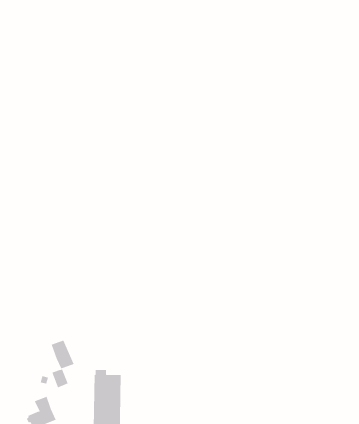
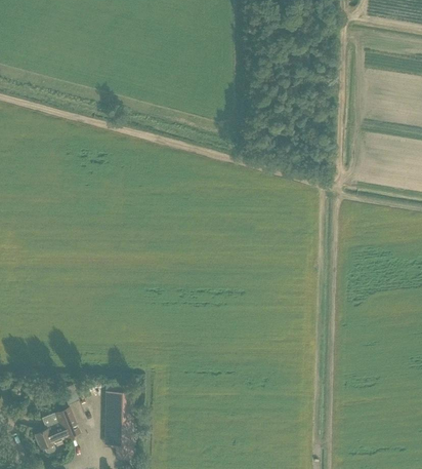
building: [51,340,75,369] -> [52,408,77,439]

